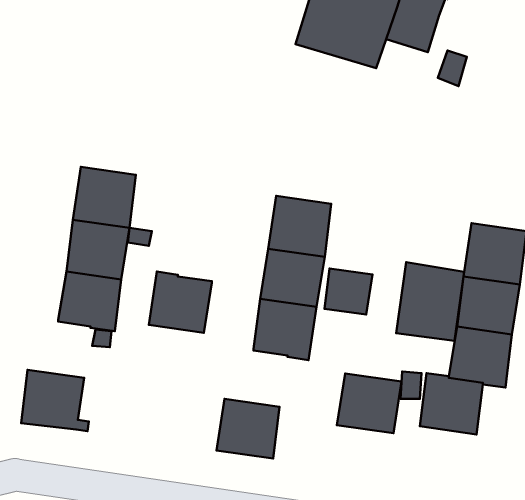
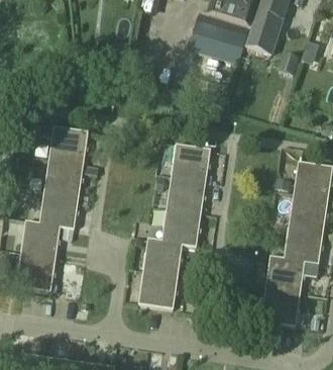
building: [396,262,464,341] -> none
building: [324,268,372,315] -> none
building: [149,272,212,333] -> [143,237,183,275]
building: none -> [20,218,60,257]
building: [337,373,402,433] -> [260,287,301,325]

